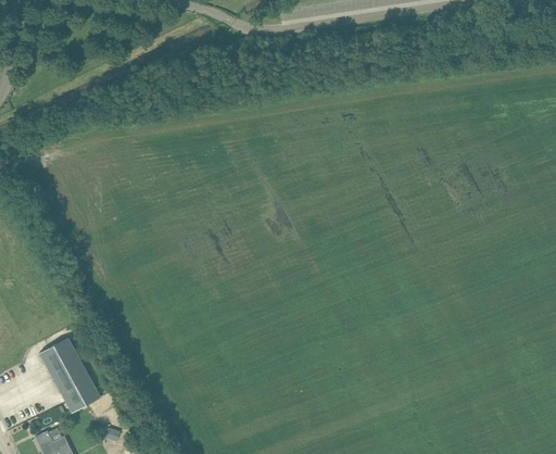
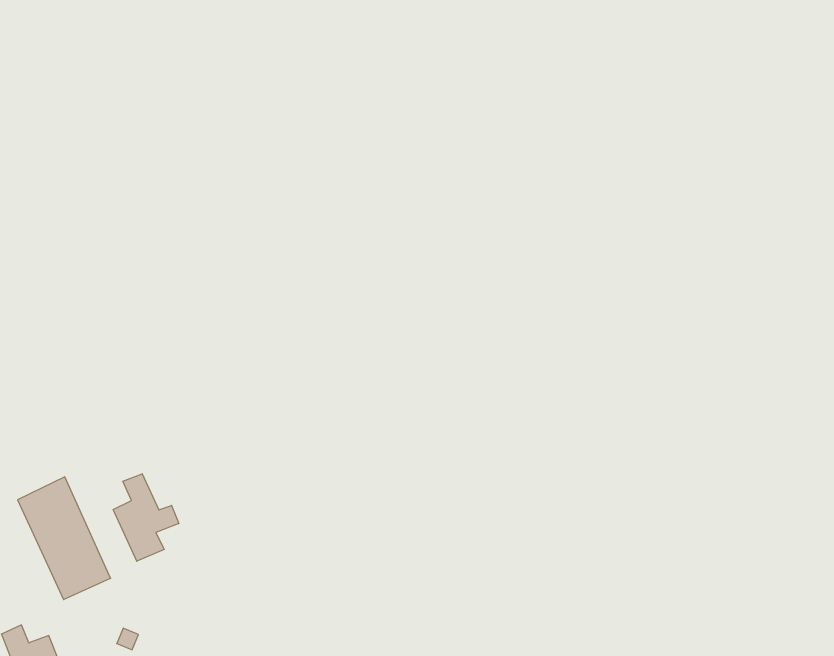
building: none -> [113,474,179,561]

